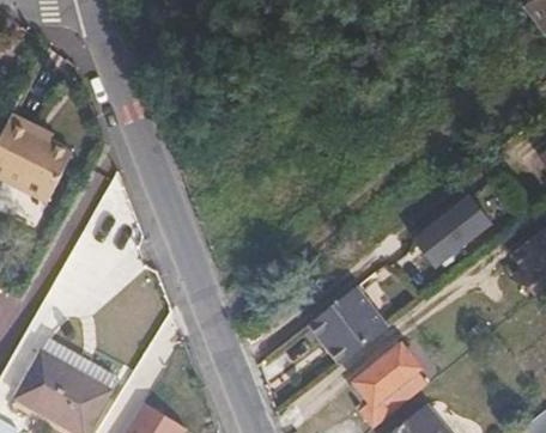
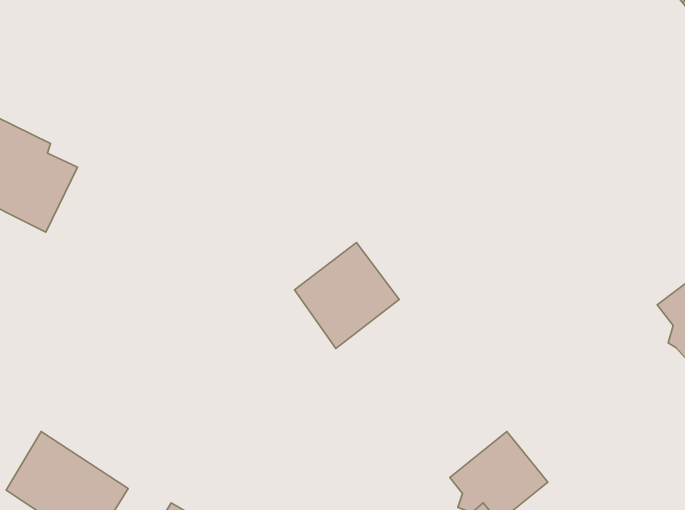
building: [417,197,493,267] -> none
building: [309,285,388,365] -> [295,242,399,348]

